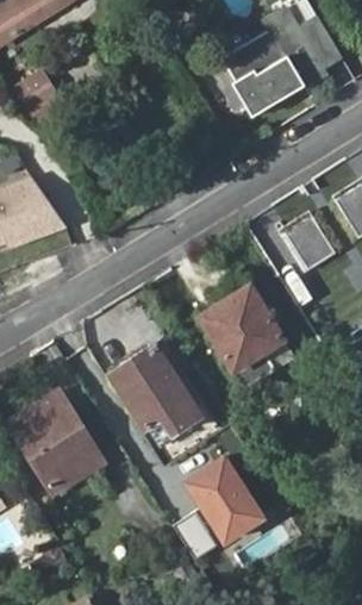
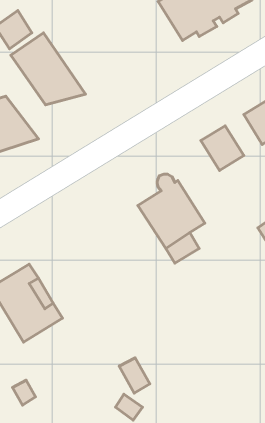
building: none -> [11,33,85,105]
building: [112,344,199,443] -> none
building: [180,453,266,548] -> none

